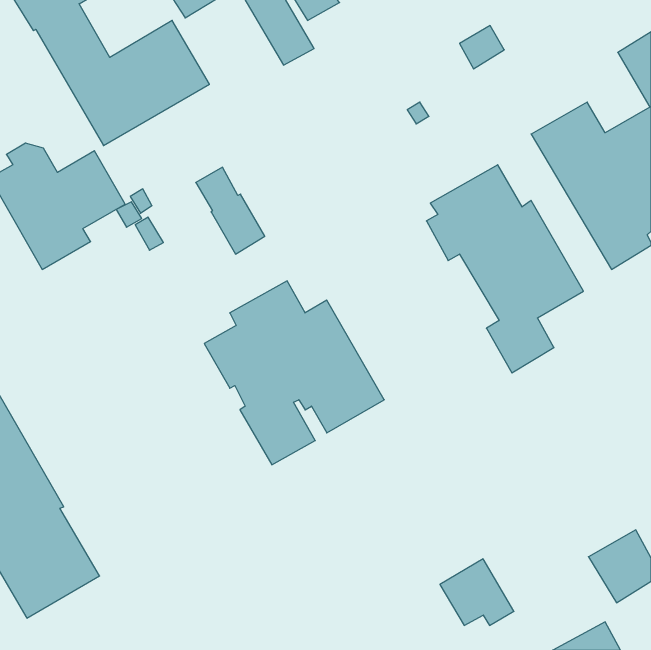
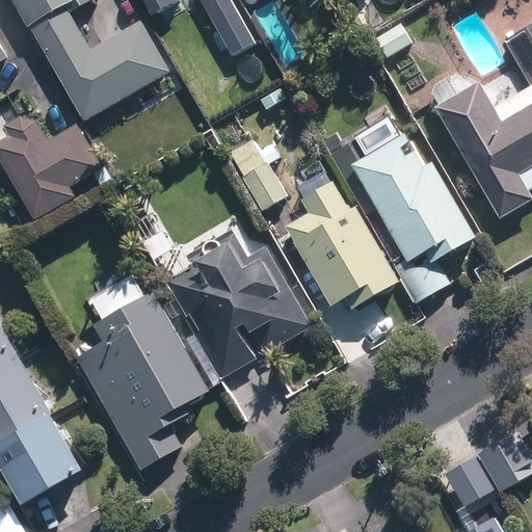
building: [196,167,265,254] -> [230,139,286,210]
building: none -> [284,181,397,309]
building: none -> [76,291,209,469]
building: [440,559,514,625] -> [443,454,503,508]

